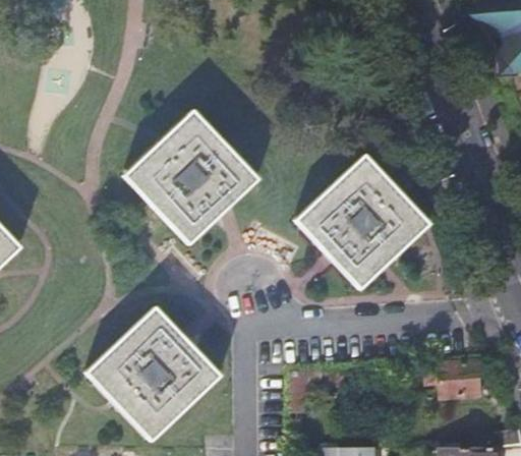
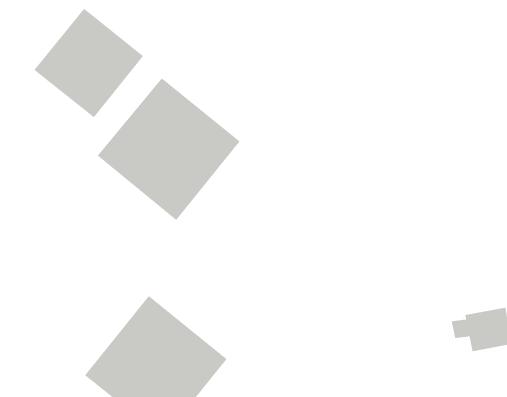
building: none -> [34,8,144,118]
building: [297,157,429,288] -> none

